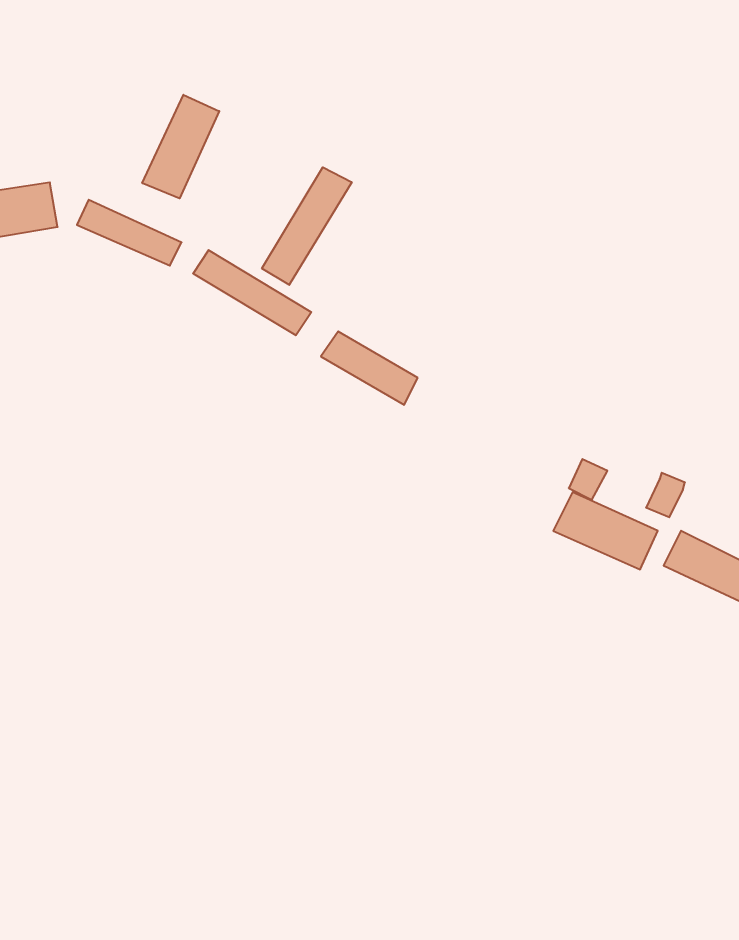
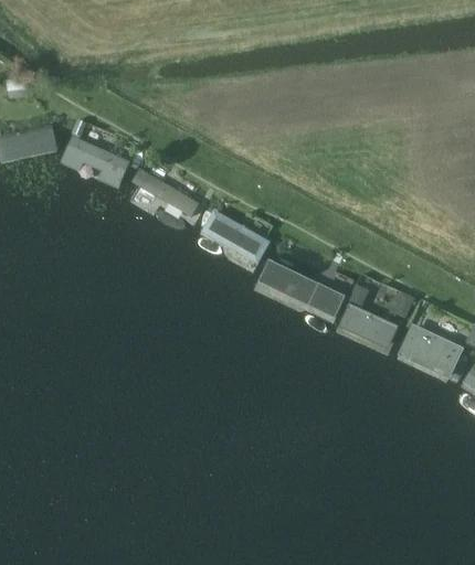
building: [142,95,219,198] -> none
building: [262,167,352,285] -> none
building: none -> [258,260,344,318]

